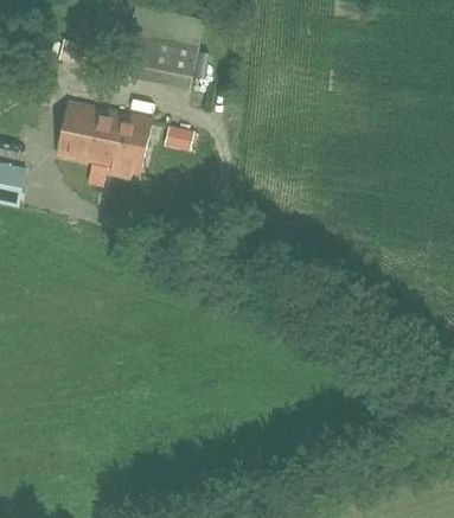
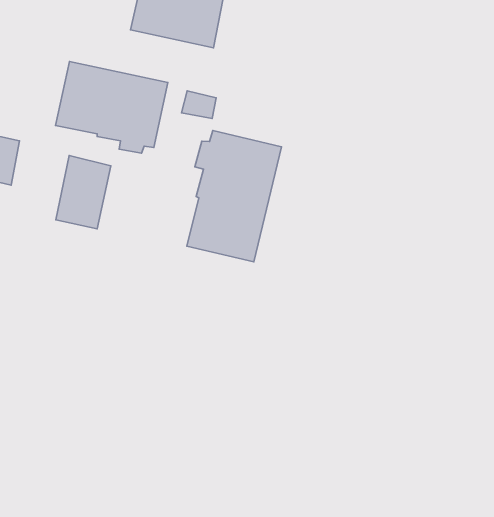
building: none -> [187,130,281,262]
building: none -> [56,155,111,229]

